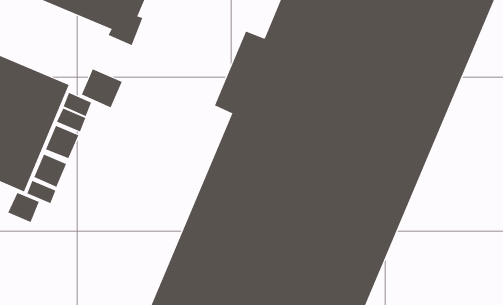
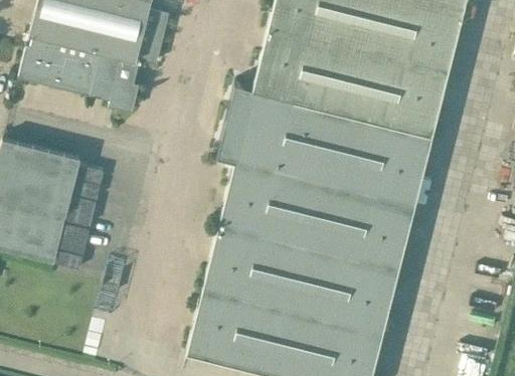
building: [81,69,122,108] -> none
building: [7,192,40,223] -> none

